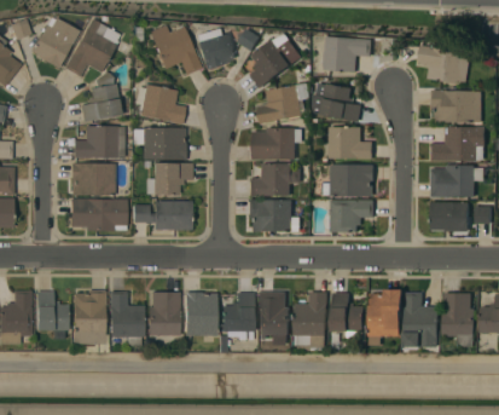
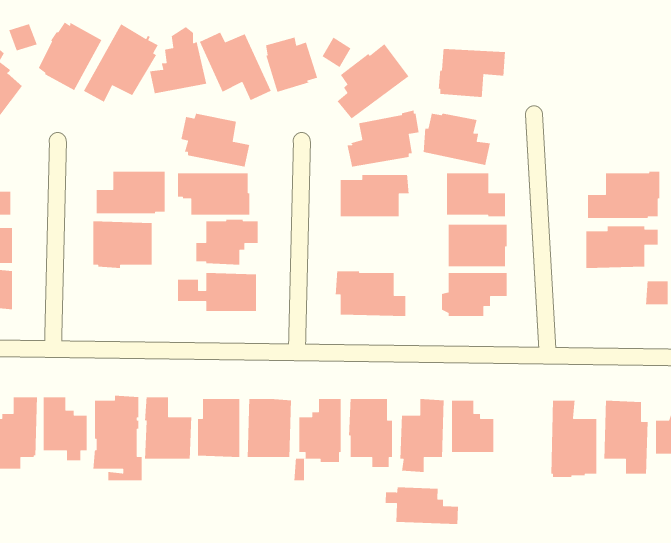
building: [417,45,470,83] -> none
building: [80,71,122,121] -> [149,26,207,94]
building: [430,90,481,125] -> none
building: [249,163,300,196] -> none
building: [70,198,127,230] -> none
building: [431,202,471,231] -> none
building: [370,289,404,336] -> none
building: none -> [385,487,459,525]

